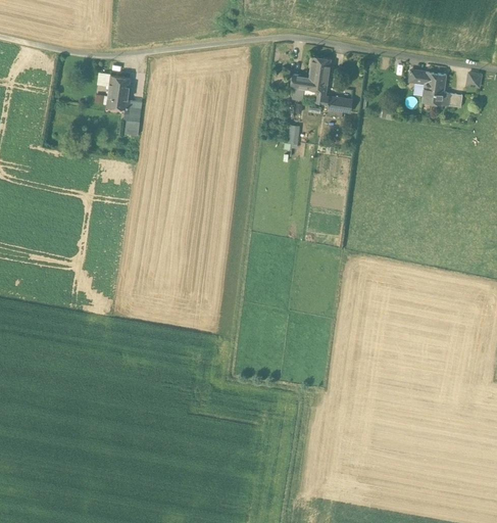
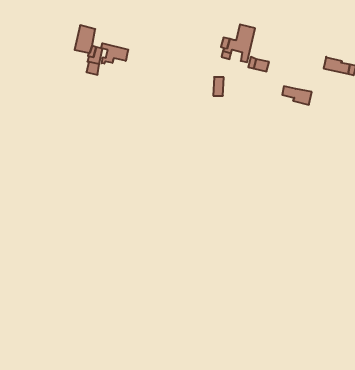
building: [409,70,446,91] -> [282,86,312,105]
building: none -> [101,43,128,64]

